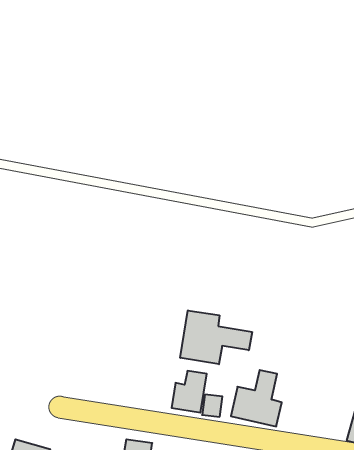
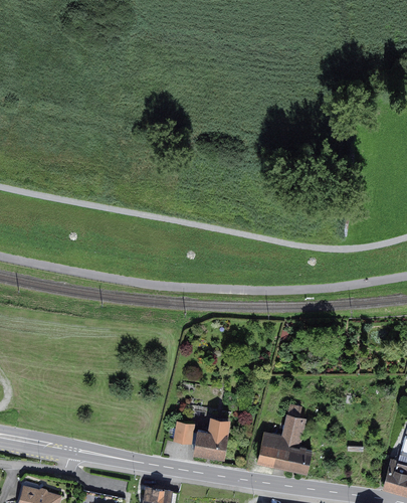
building: [180,310,252,364] -> none
building: [202,395,222,417] -> [172,421,194,445]

